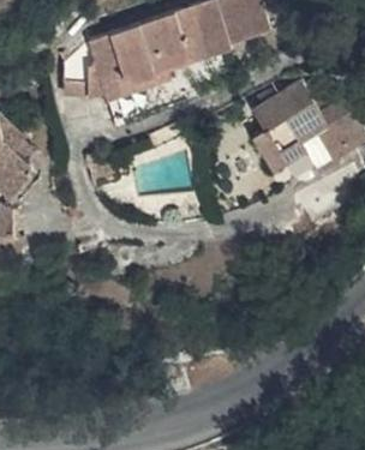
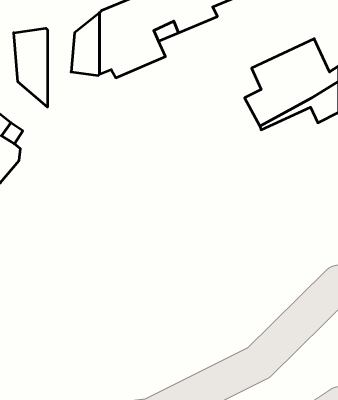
building: none -> [14,28,47,107]

